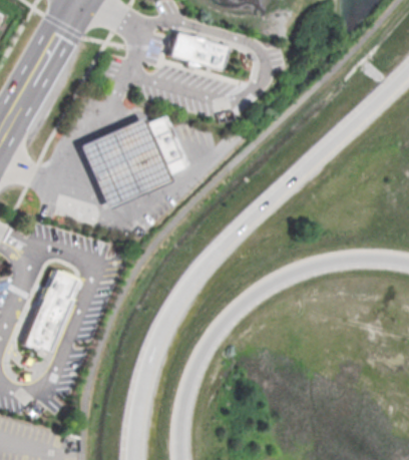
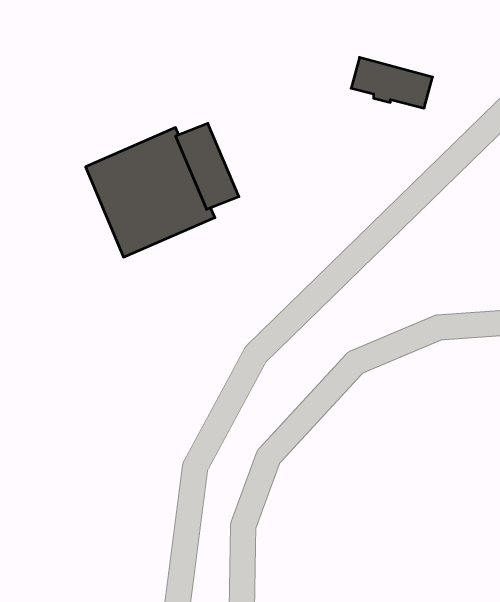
building: [169,33,228,69] -> [351,57,433,108]
building: [27,271,81,353] -> none

